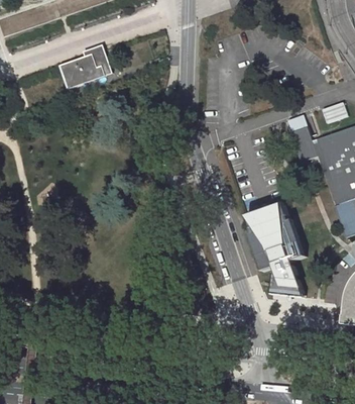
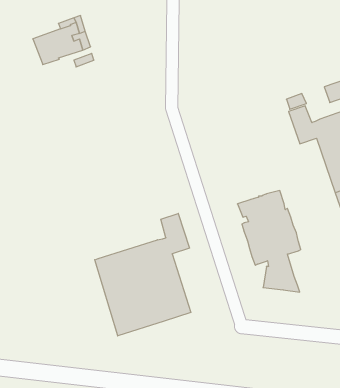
building: none -> [95,213,191,336]

